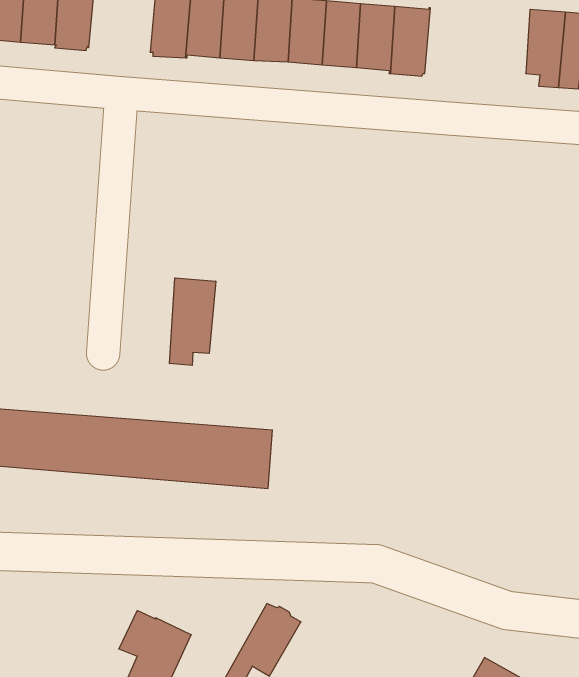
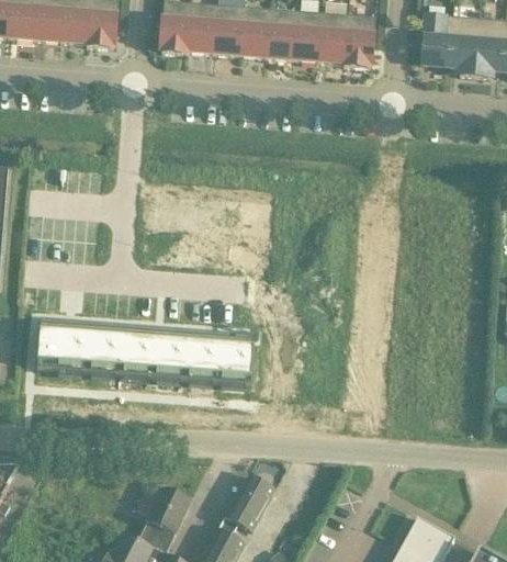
building: none -> [421,14,452,66]
building: [170,278,216,365] -> none

